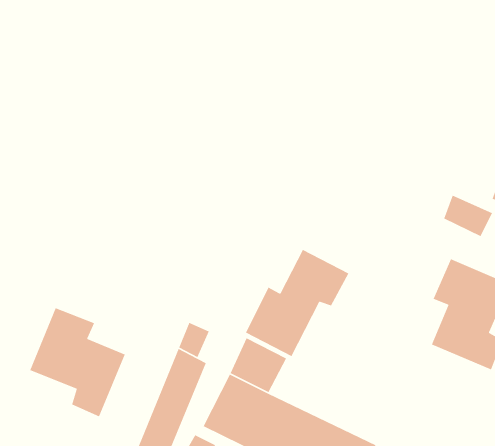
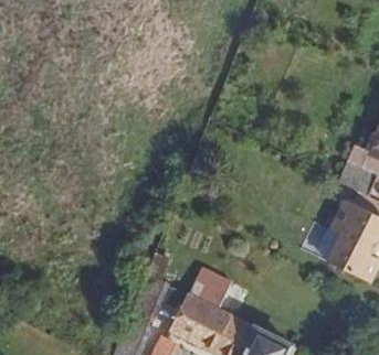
building: [245,249,350,357] -> none
building: [29,307,126,417] -> none

